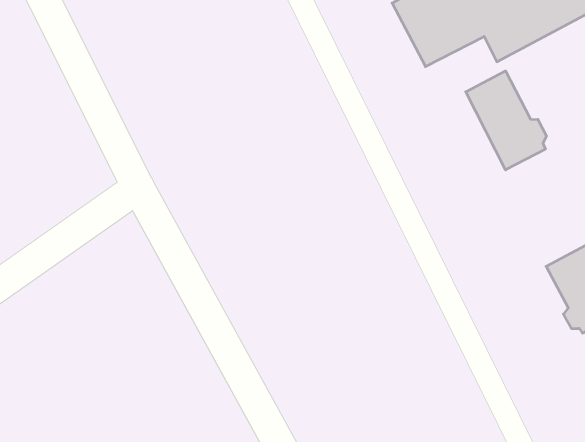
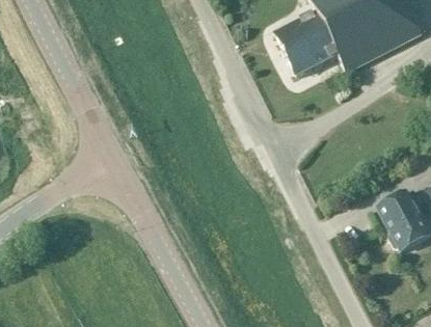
building: [466,71,546,170] -> none

